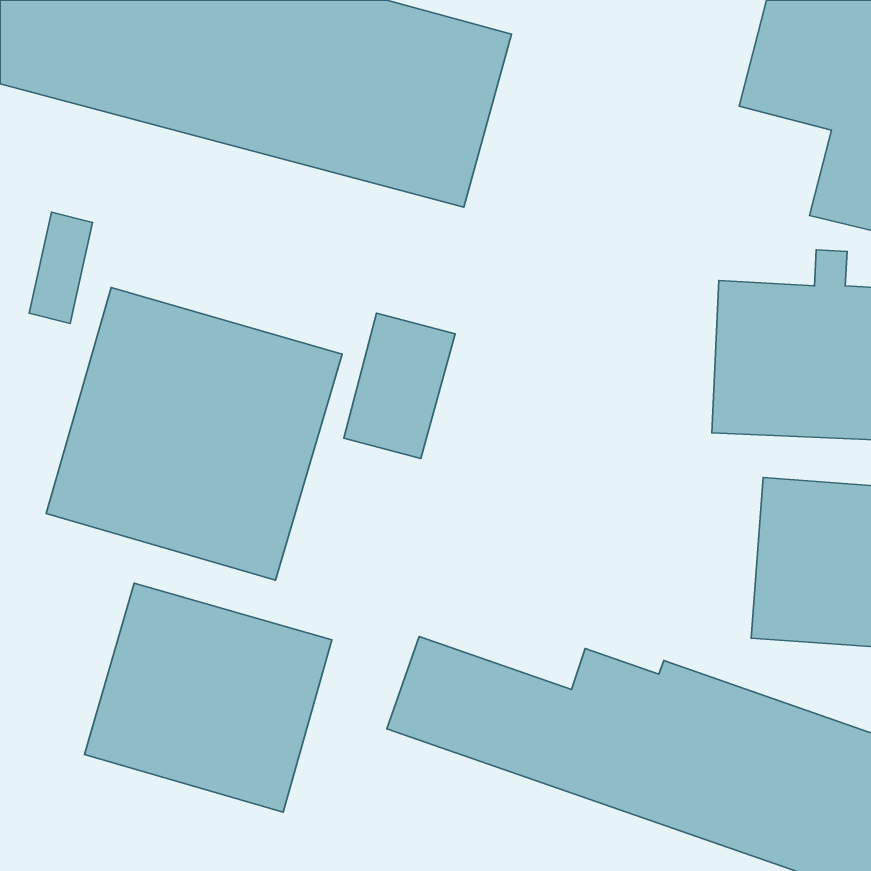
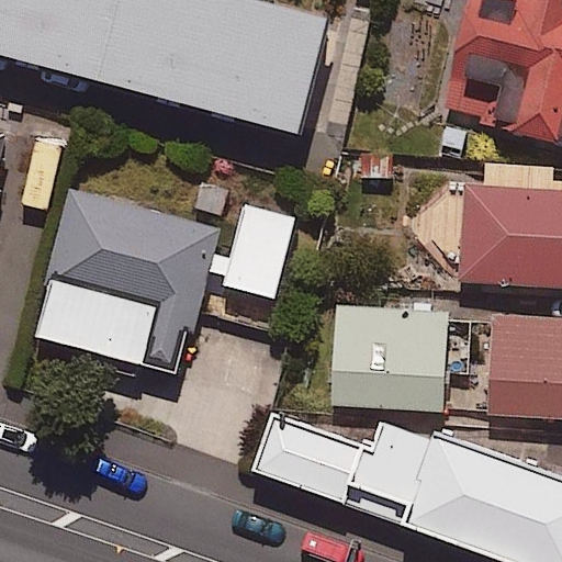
building: none -> [329,304,445,409]
building: [85,583,332,812] -> none

